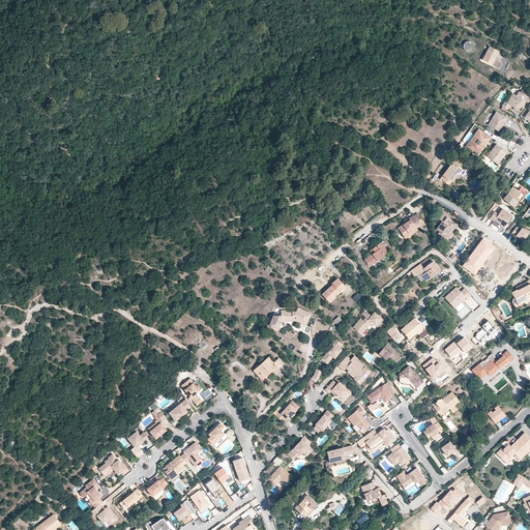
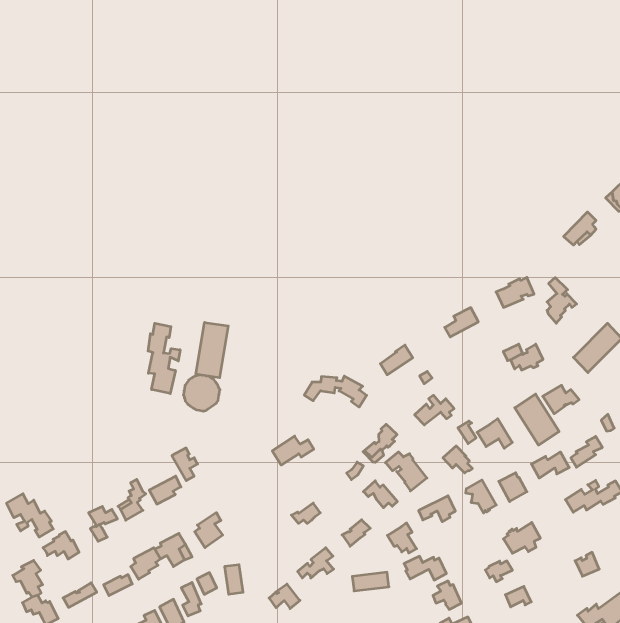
building: none -> [196,322,228,378]
building: none -> [148,323,180,394]
building: none -> [515,394,559,445]
building: none -> [7,494,53,537]

